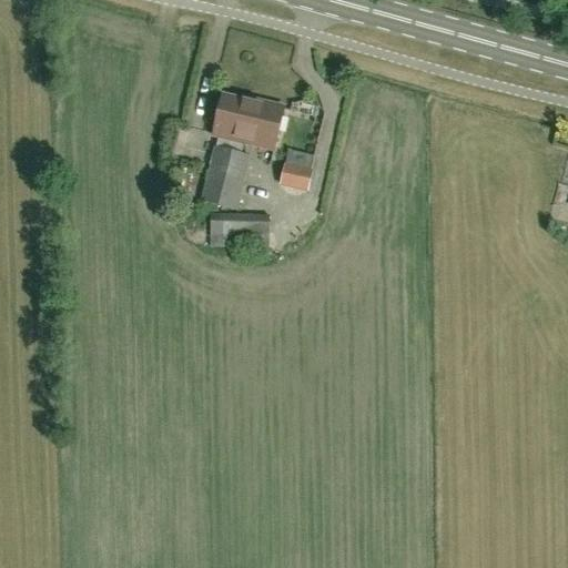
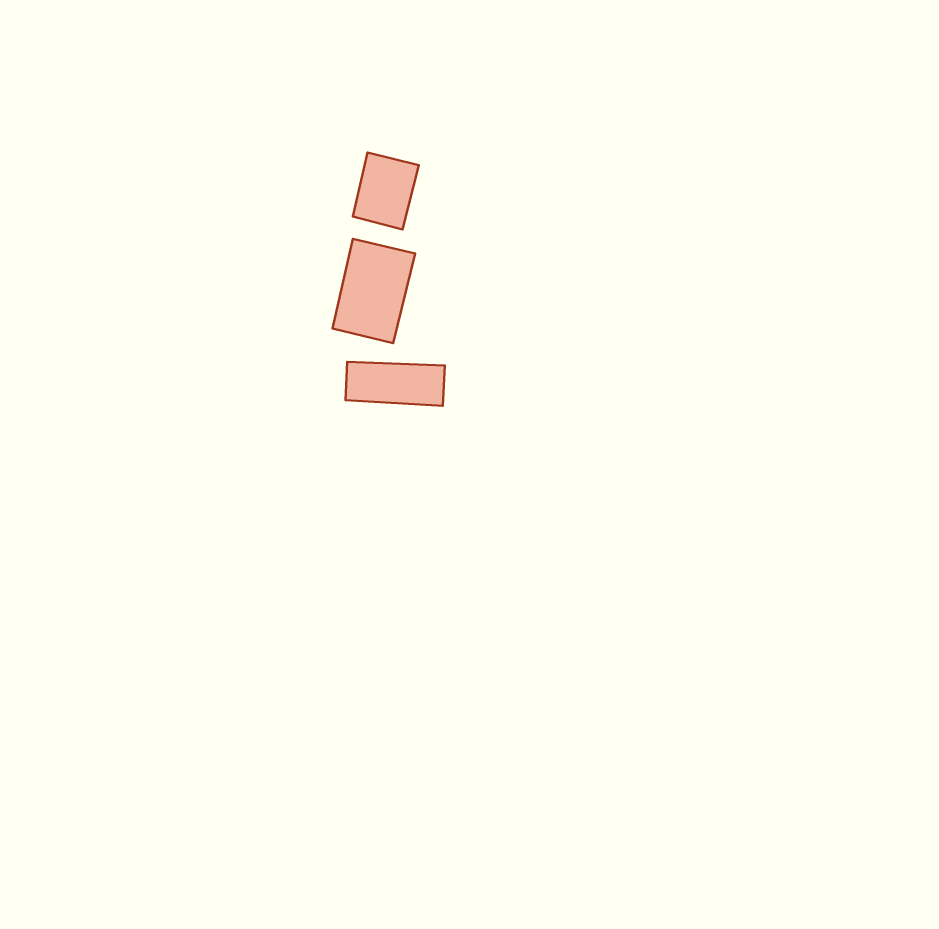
building: [243,99,284,145] -> none
building: [281,160,313,189] -> none

